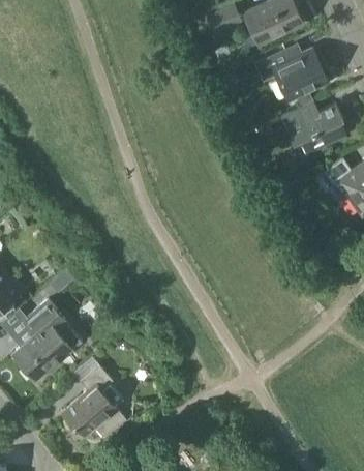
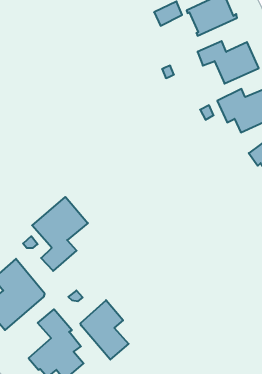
building: none -> [32,197,88,271]
building: none -> [80,300,129,360]

